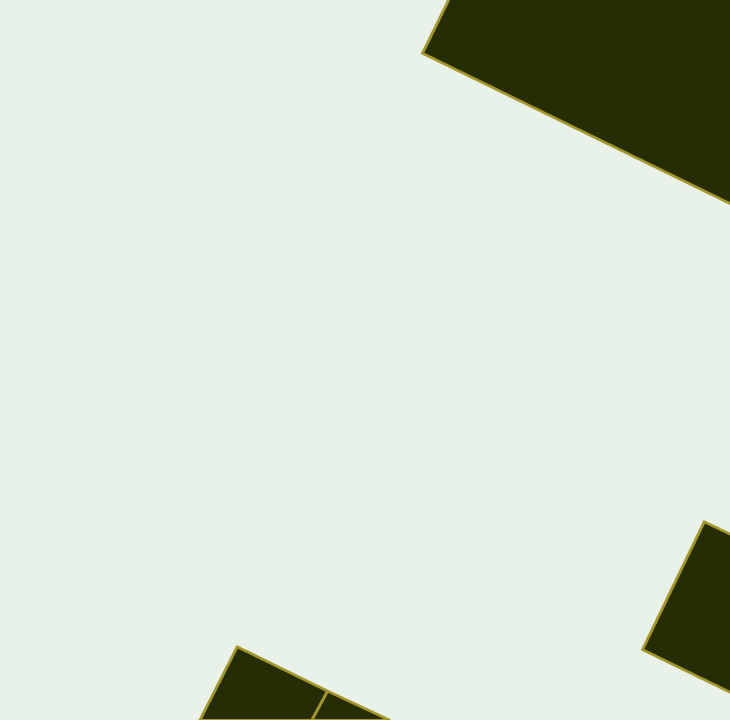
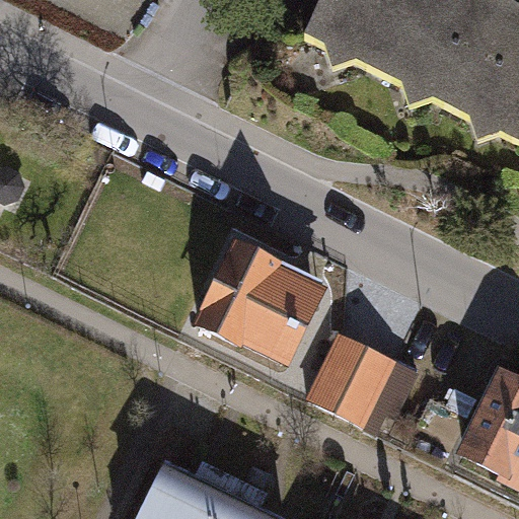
building: none -> [193,241,325,369]
building: none -> [311,328,419,427]

